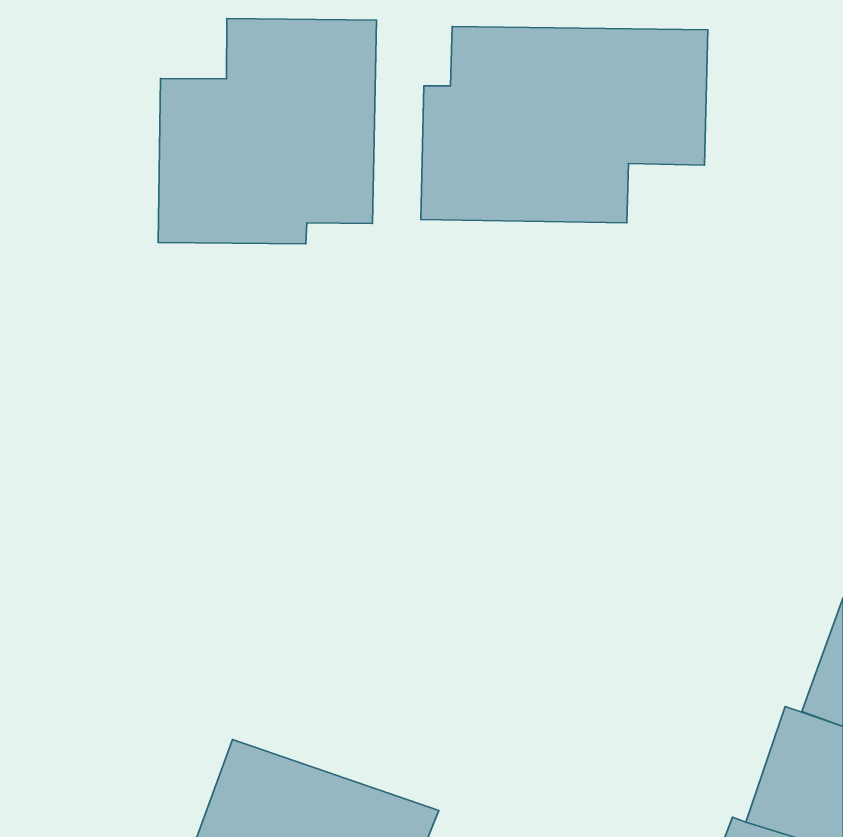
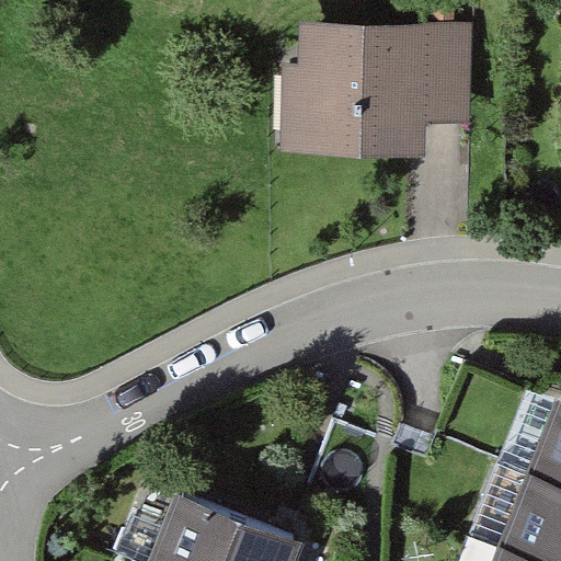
building: [158,19,377,244] -> none

